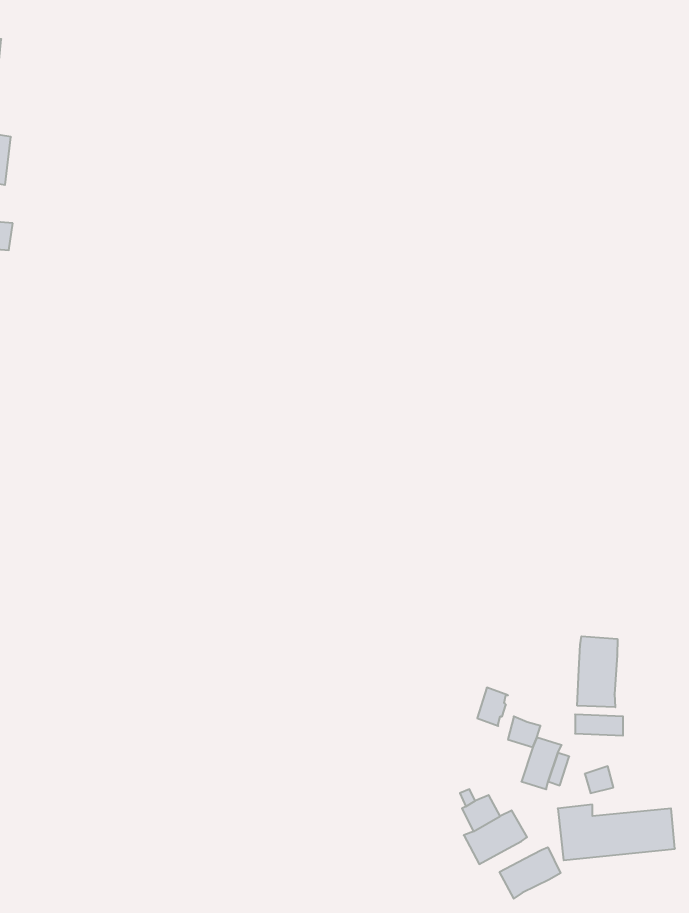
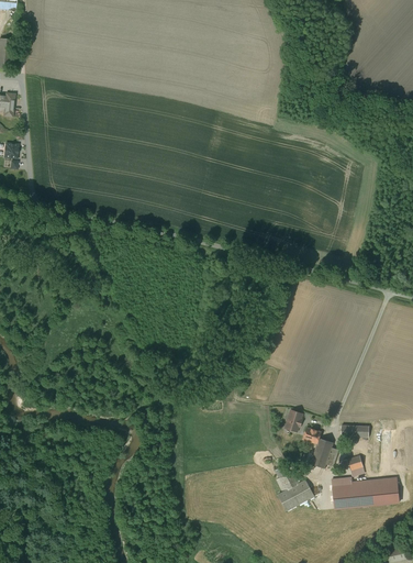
building: [577,636,617,707] -> none
building: [500,847,561,899] -> none

